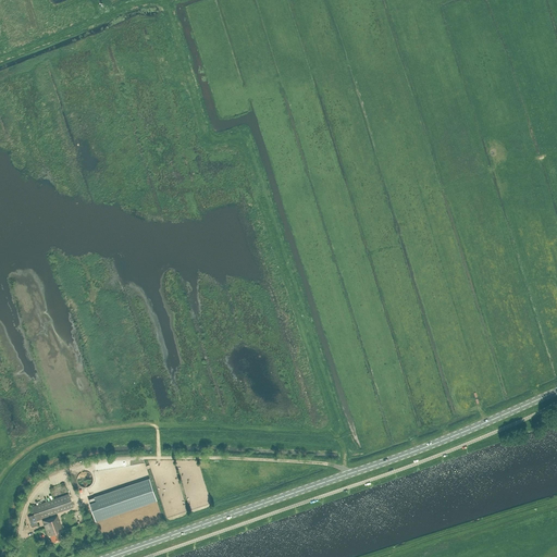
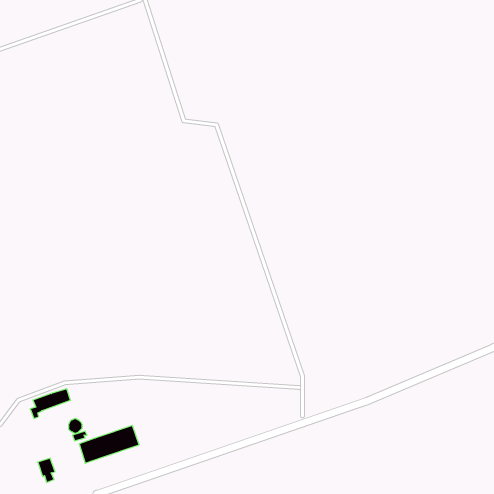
building: [27,494,73,528] -> [30,389,71,419]

